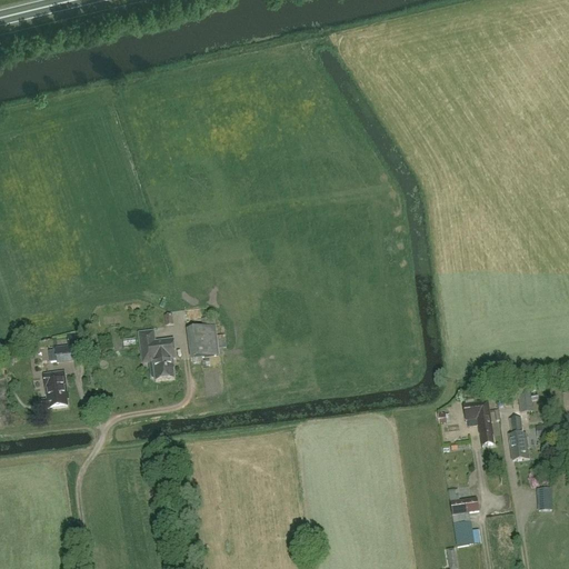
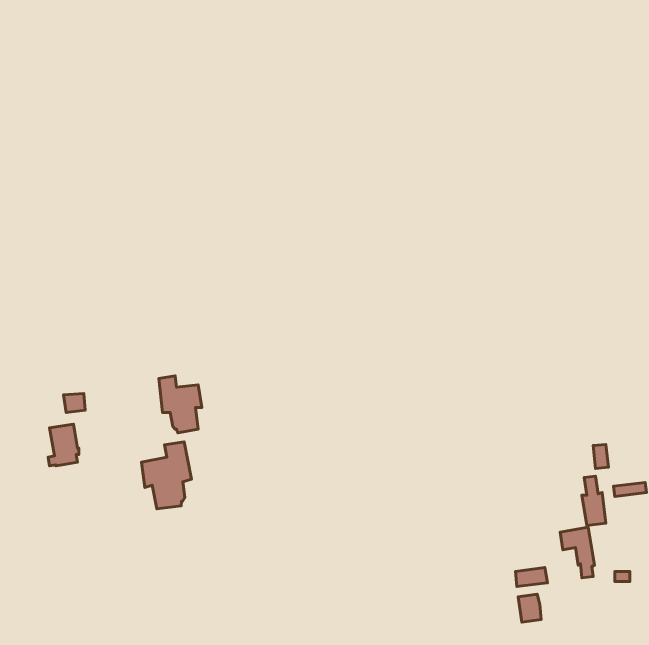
building: [188,316,218,357] -> none
building: none -> [141,442,192,509]
building: [465,400,495,445] -> [560,527,595,578]

